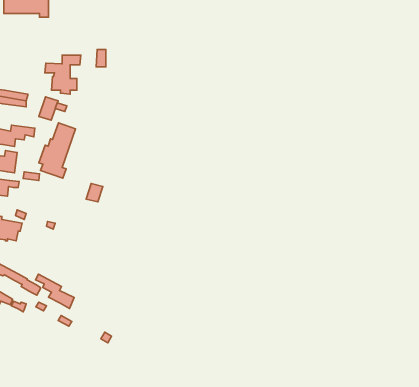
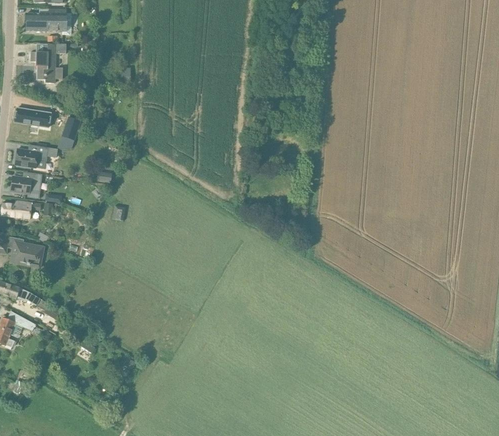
building: [45,55,81,94] -> [30,43,67,83]
building: [39,123,76,178] -> none
building: [35,274,74,308] -> none

